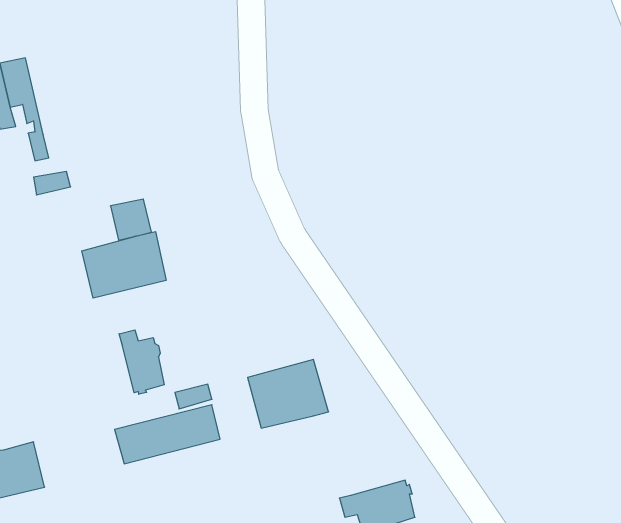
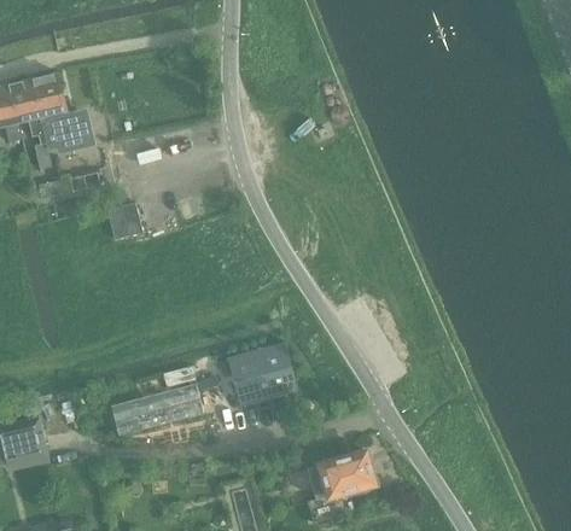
building: none -> [30,72,92,151]
building: [82,232,166,298] -> none
building: [119,330,164,394] -> none

